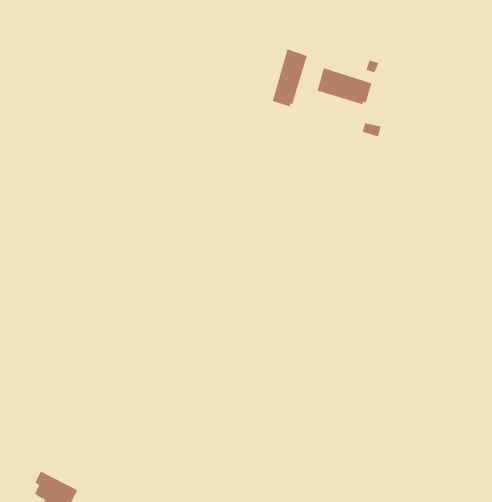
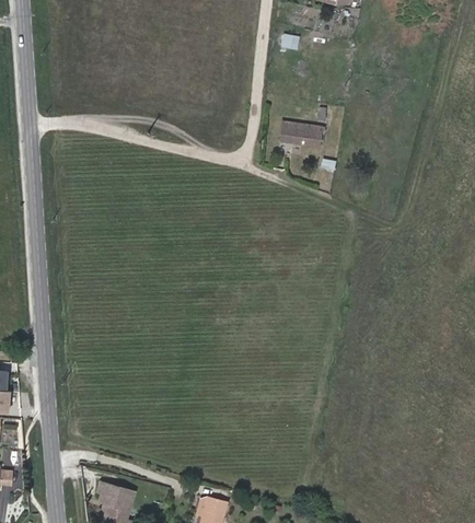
building: [272,49,307,107] -> none

